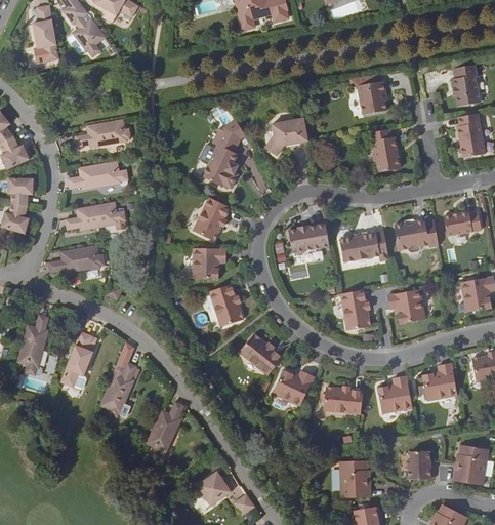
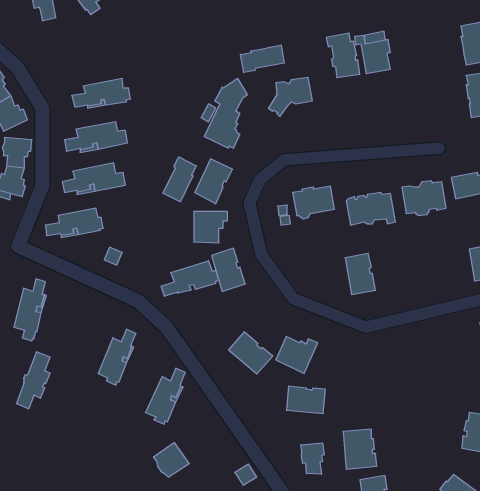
building: none -> [240,45,284,73]
building: [369,128,402,171] -> [326,33,360,77]
building: none -> [163,157,196,202]
building: [388,292,425,326] -> none
building: none -> [161,261,219,296]
building: [60,331,93,387] -> [16,352,50,409]
building: [240,333,283,374] -> [229,332,273,374]
building: [422,362,457,400] -> none
building: [378,375,412,413] -> none
building: [325,387,363,413] -> [286,386,325,413]
building: [408,450,434,479] -> none
building: [196,472,231,506] -> [153,443,189,477]
building: none -> [301,443,324,474]

